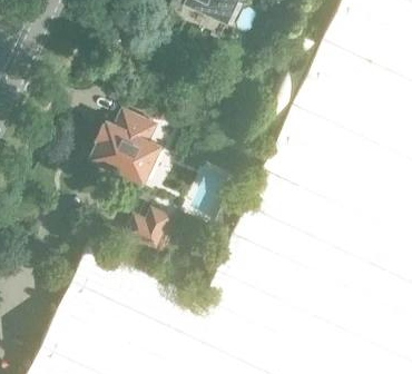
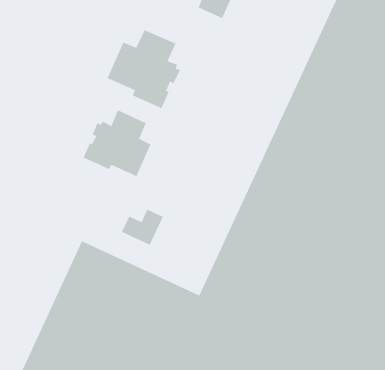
building: none -> [106,29,181,109]

